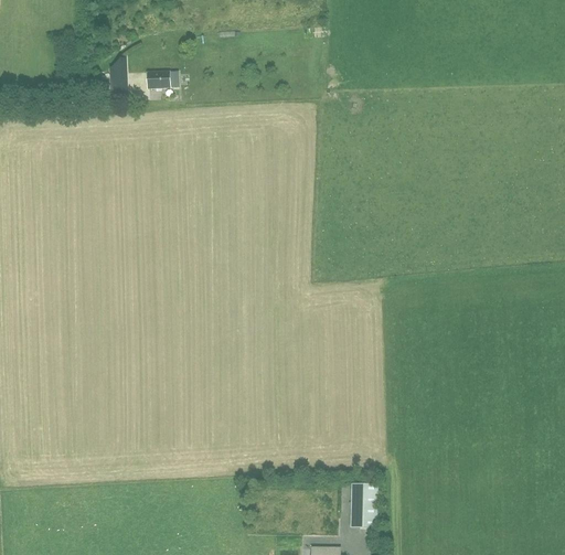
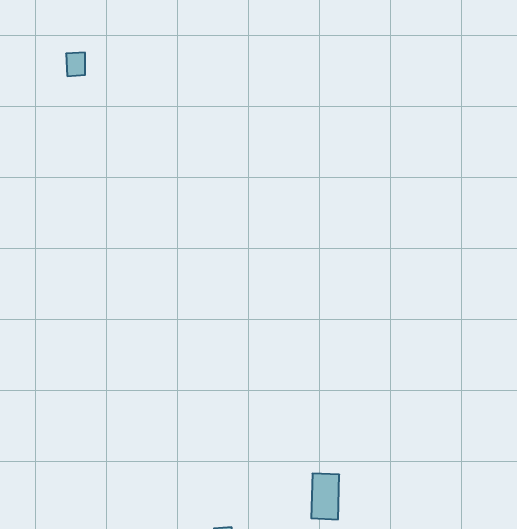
building: [146,71,178,88] -> none

